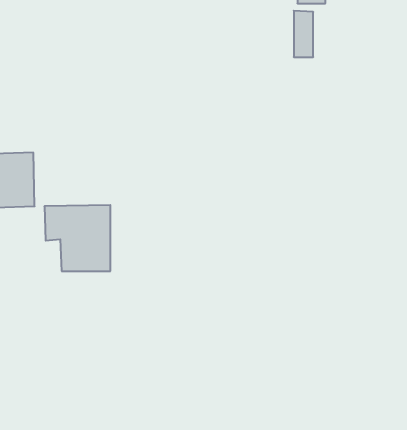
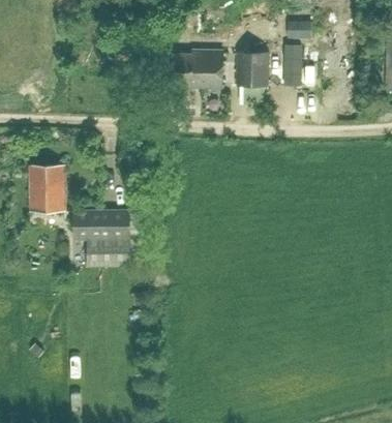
building: none -> [174,51,222,87]
building: none -> [236,52,269,86]

